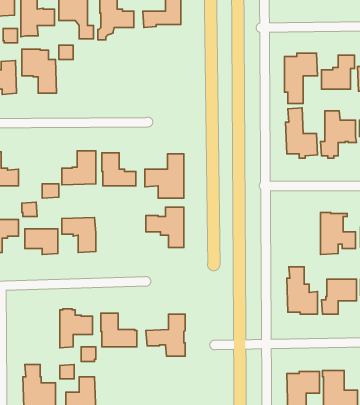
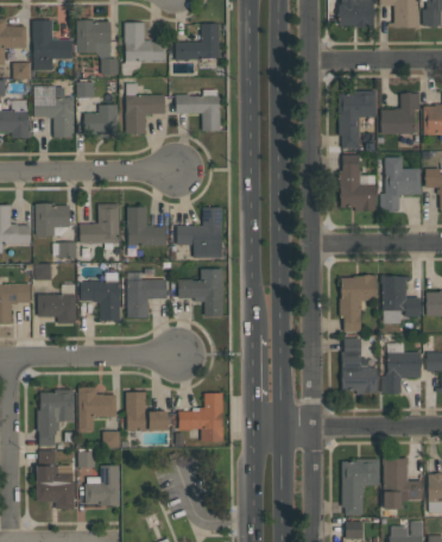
building: none -> [176,78,221,131]
building: none -> [126,82,165,133]
building: none -> [84,105,118,137]
building: none -> [36,203,70,235]
building: none -> [339,273,377,332]
building: none -> [127,278,166,317]
building: none -> [38,389,74,445]

